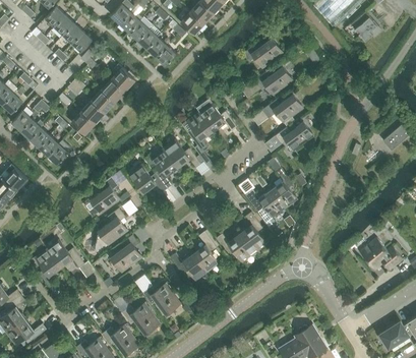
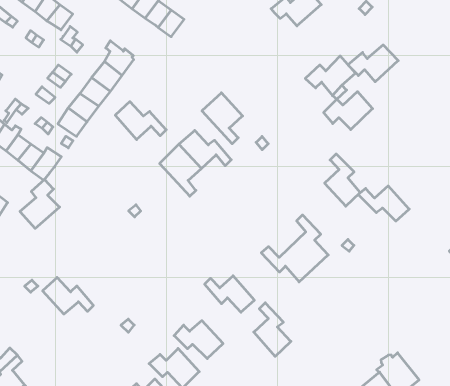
building: [253,67,292,95] -> [348,45,398,82]
building: [198,103,236,131] -> none
building: [128,164,166,193] -> [115,102,166,140]
building: [90,177,120,214] -> [20,179,60,228]
building: [246,189,284,217] -> [358,186,409,221]
building: [98,207,127,245] -> none
building: [192,231,220,273] -> [254,303,291,356]
building: [111,234,140,272] -> none
building: [34,248,60,289] -> none

